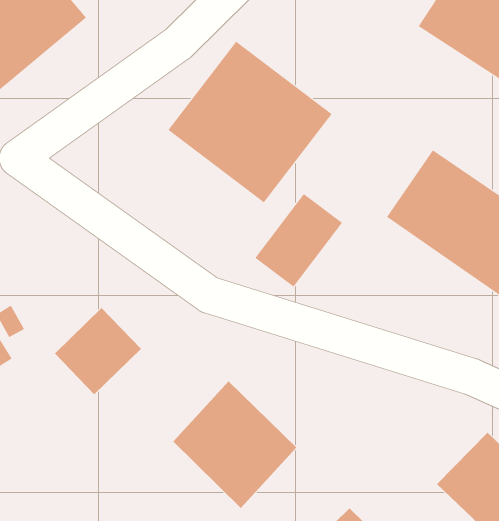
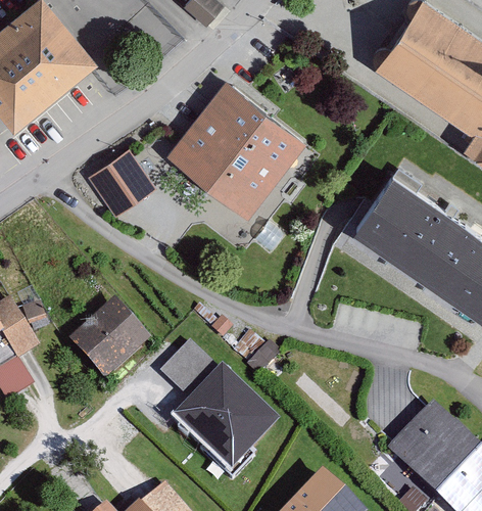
building: none -> [86,153,153,220]
building: [255,193,343,287] -> none
building: none -> [158,342,205,390]

